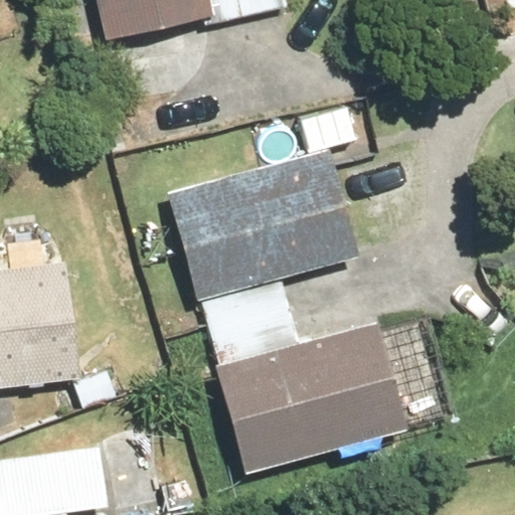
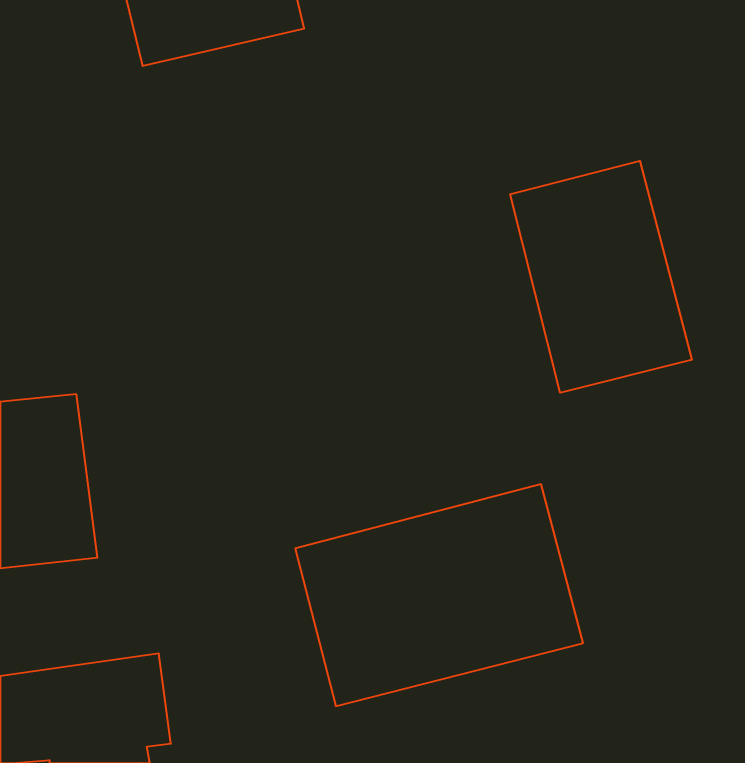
building: none -> [510,161,692,393]
building: [167,148,361,301] -> none

